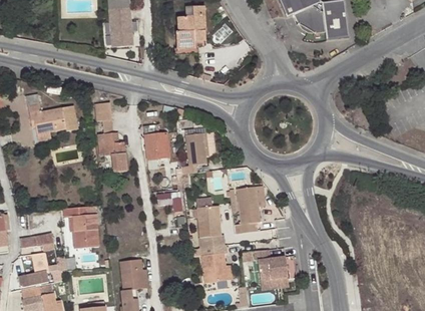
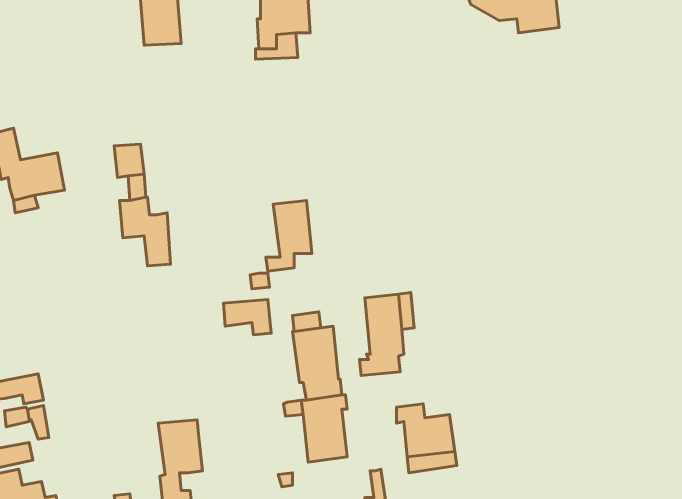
building: [143,124,169,169] -> none
building: [63,207,99,249] -> none

